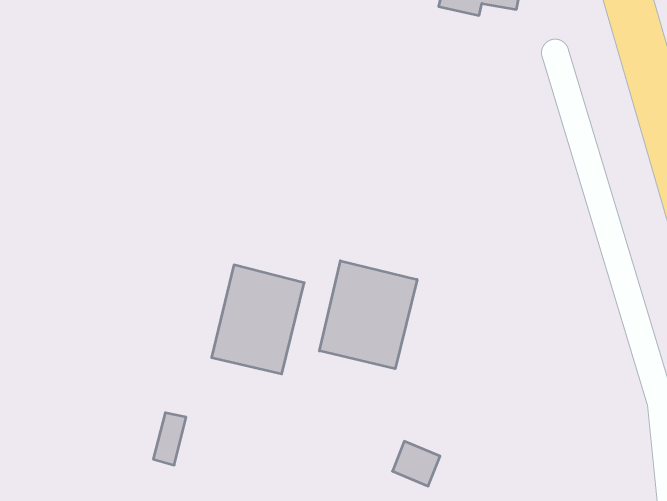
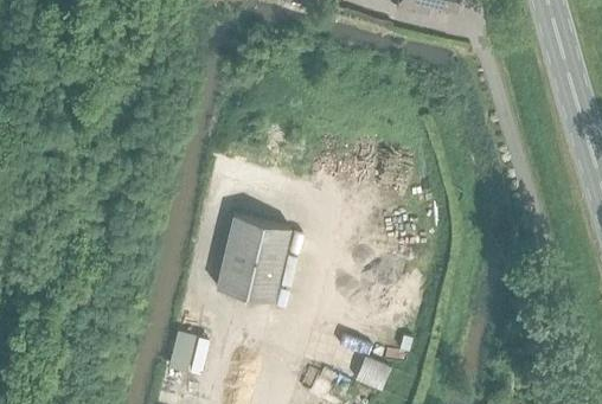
building: [319,261,417,369] -> none

